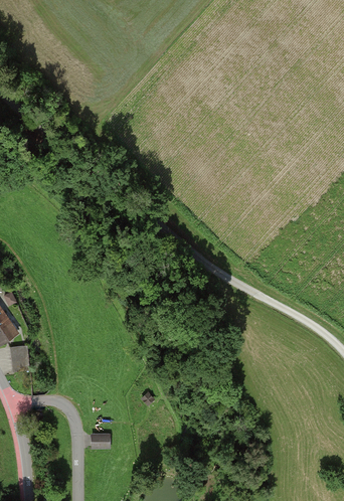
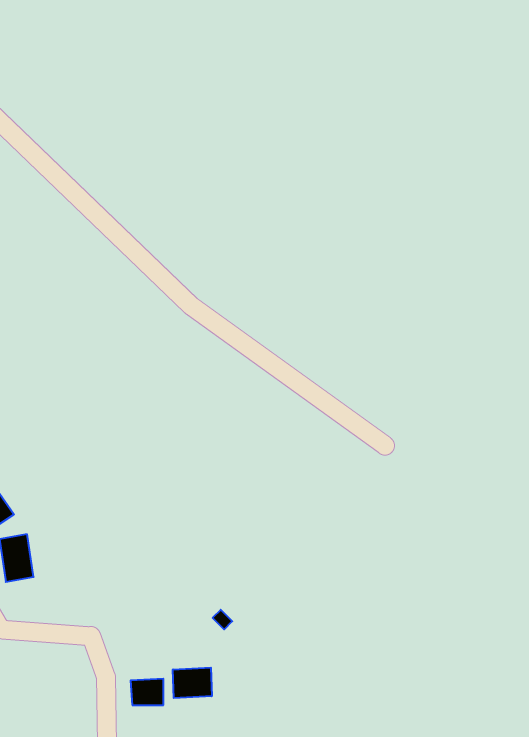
building: none -> [173,668,212,698]

